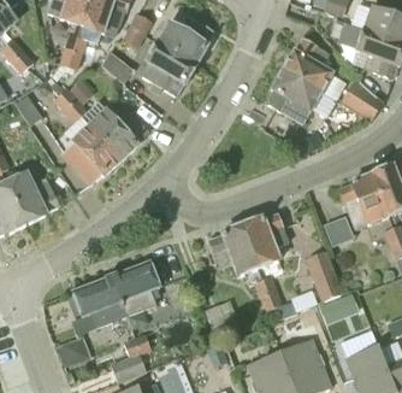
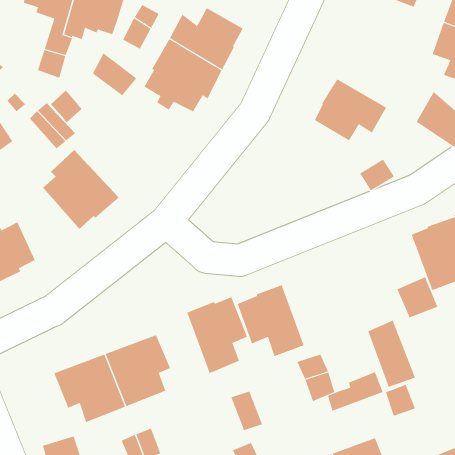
building: [283,39,332,92] -> none
building: [87,107,146,159] -> none
building: [242,212,288,270] -> [187,297,248,374]

